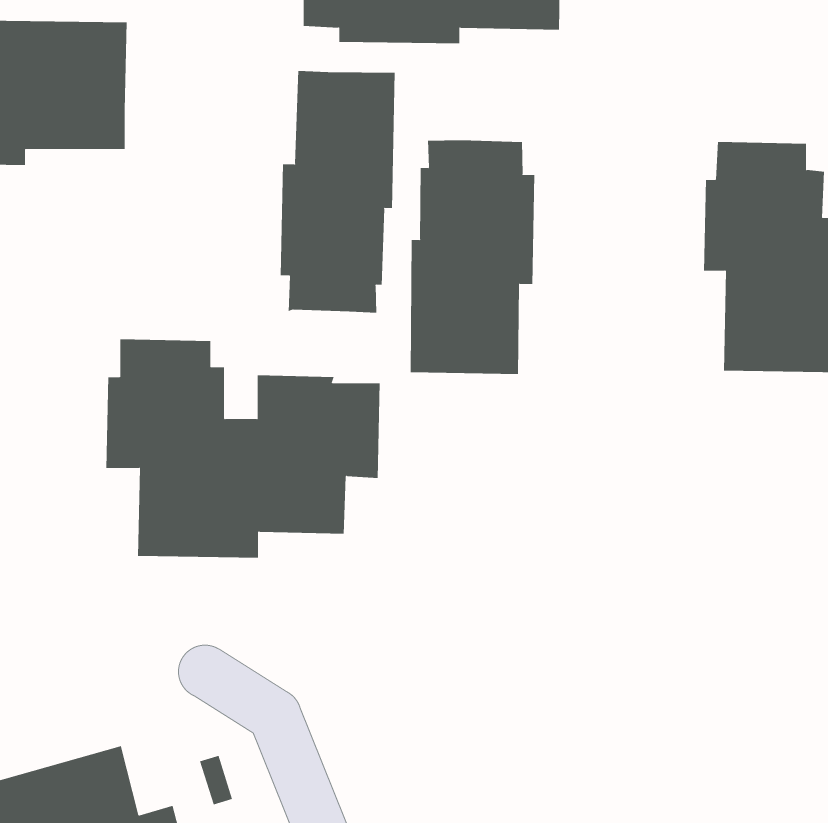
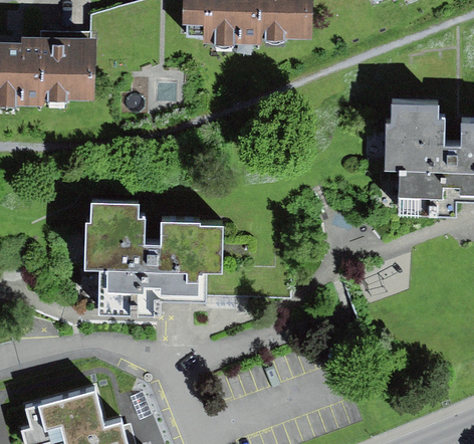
building: [280,70,395,313] -> none
building: [410,140,535,375] -> none

